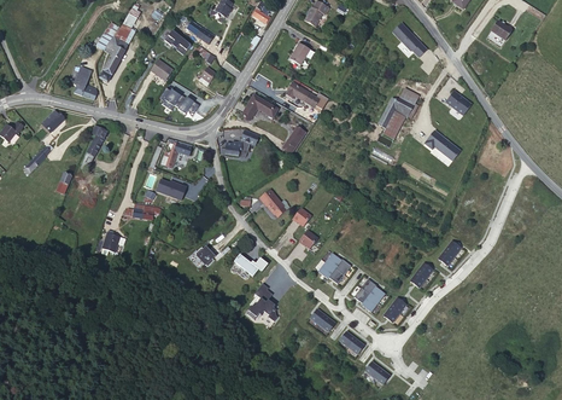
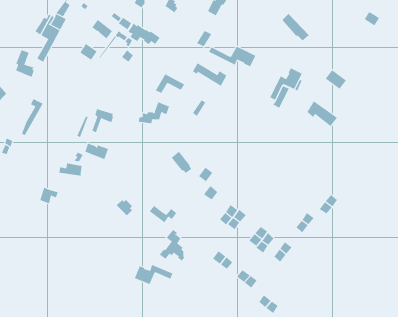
building: none -> [208,46,256,67]
building: [159,87,199,114] -> [128,23,161,45]
building: none -> [134,264,173,285]

